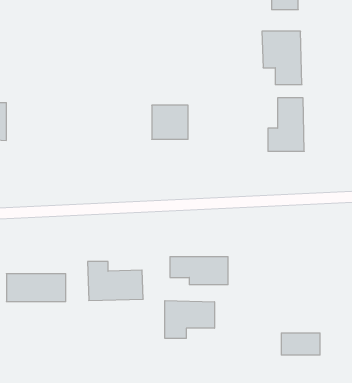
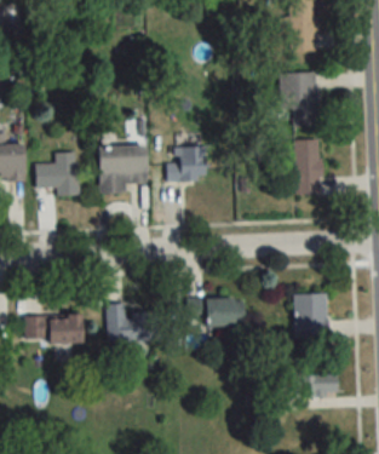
building: none -> [101,145,149,194]
building: none -> [36,153,79,196]
building: none -> [295,294,327,338]
building: [165,301,214,338] -> none

